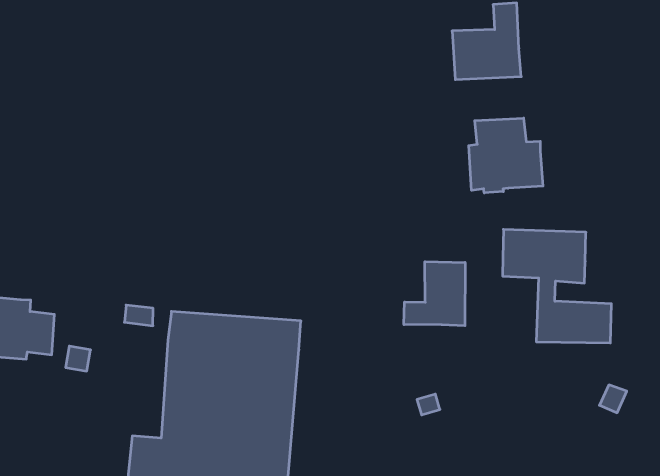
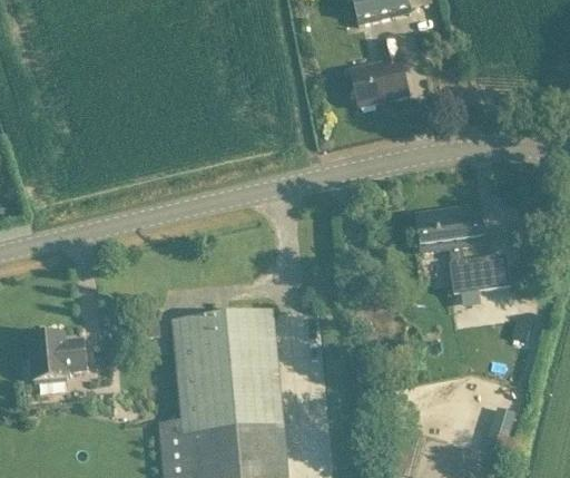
building: [469,118,543,193] -> none
building: [404,262,465,326] -> none

